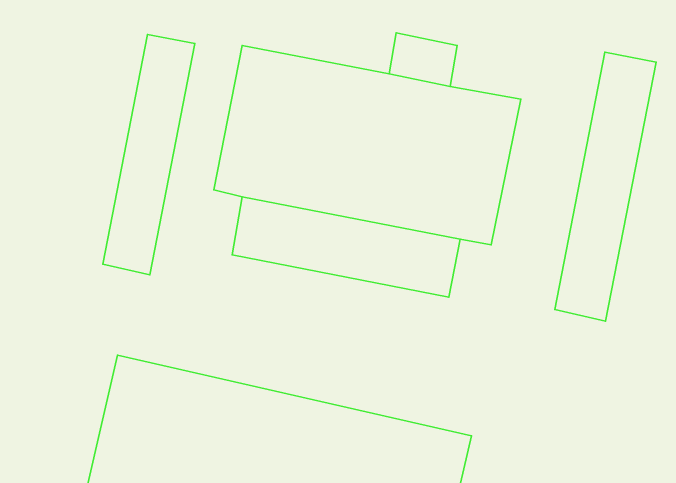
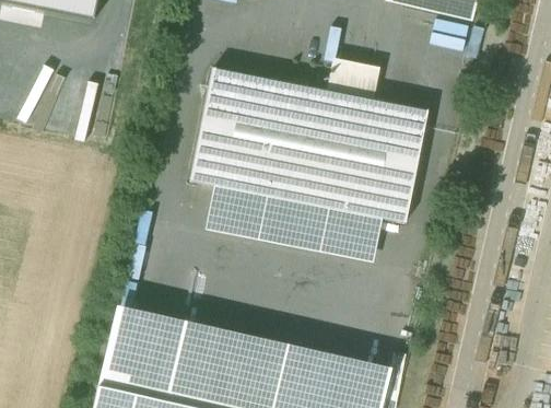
building: [103,34,195,275] -> none
building: [555,52,656,321] -> none

